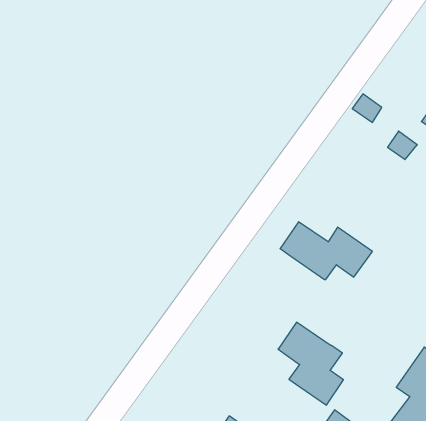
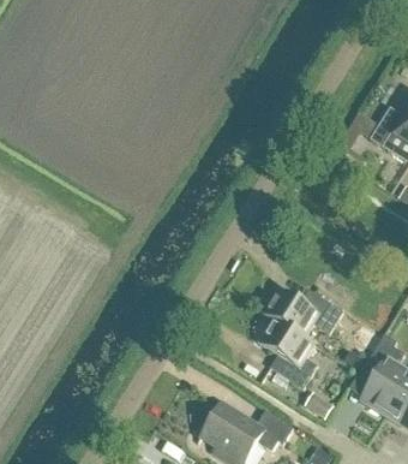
building: [280,222,372,279] -> [263,287,342,335]

